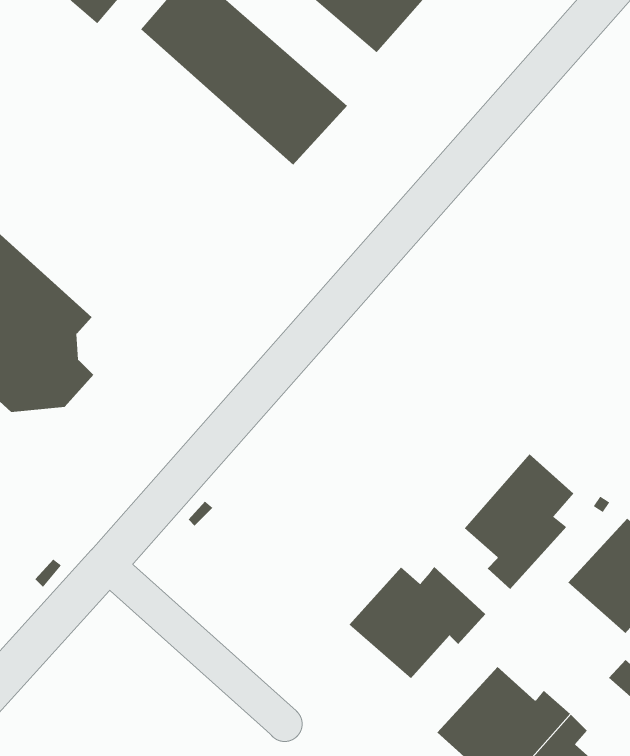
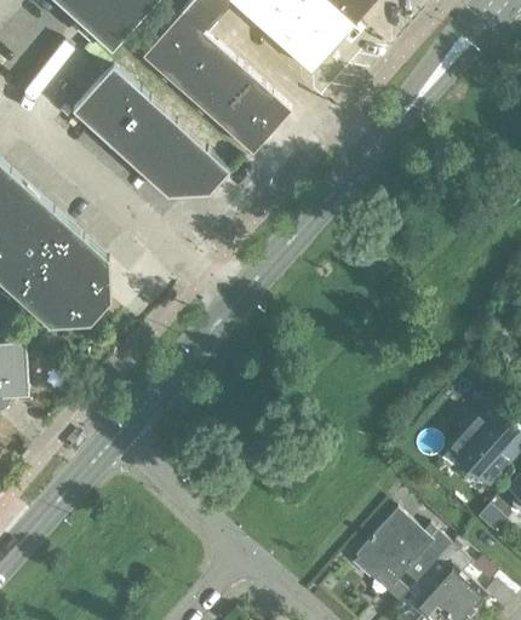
building: none -> [71,65,229,196]
building: [464,454,574,590] -> none
building: [349,566,486,679] -> none

